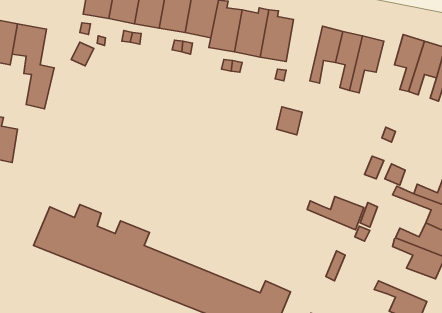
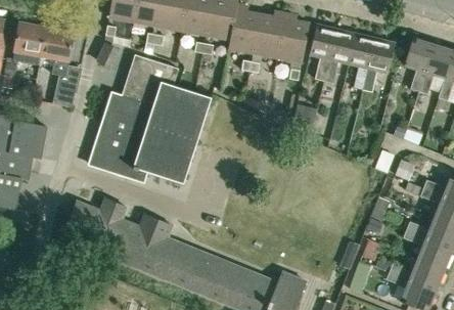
building: none -> [309,25,336,81]
building: none -> [92,54,210,182]
building: [307,197,364,230] -> [390,259,444,291]

